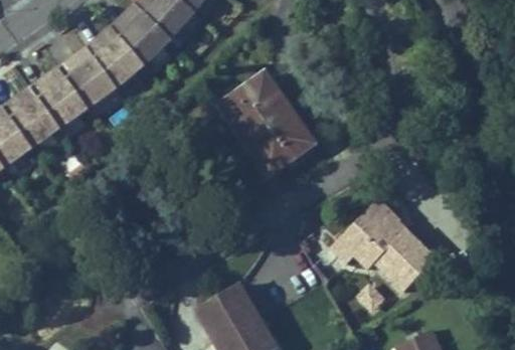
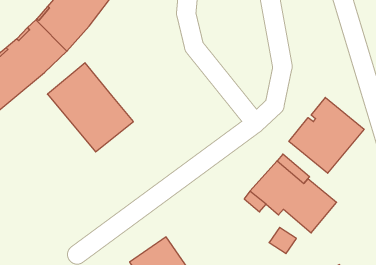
building: [218,74,313,176] -> [47,63,133,152]
building: none -> [289,97,364,173]

